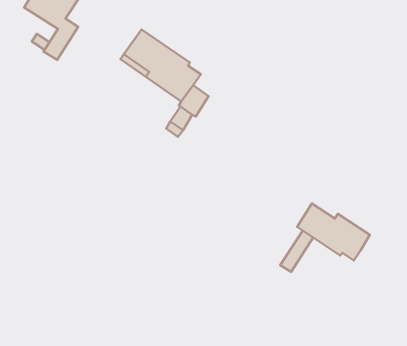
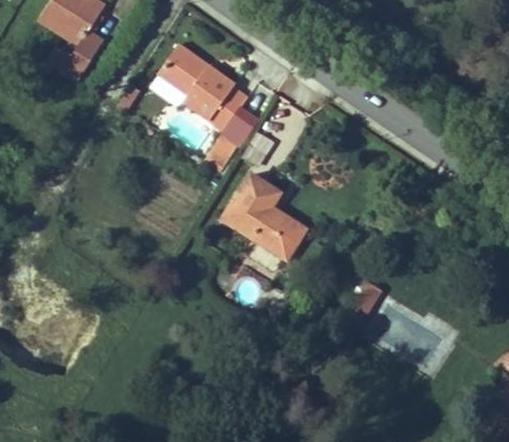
building: none -> [223,173,307,258]
building: [297,204,370,260] -> none

